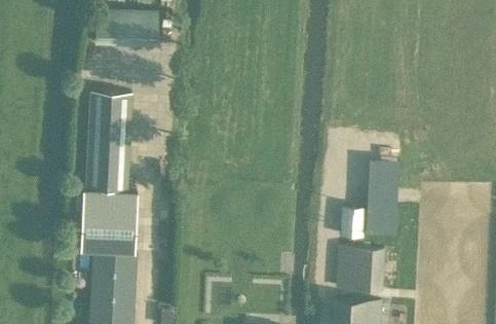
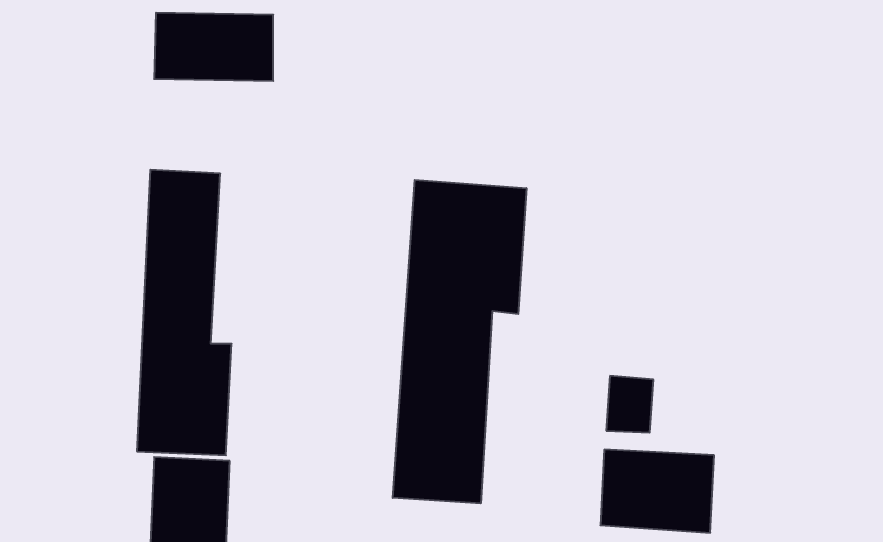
building: none -> [393,180,526,503]
building: [366,164,395,232] -> none

